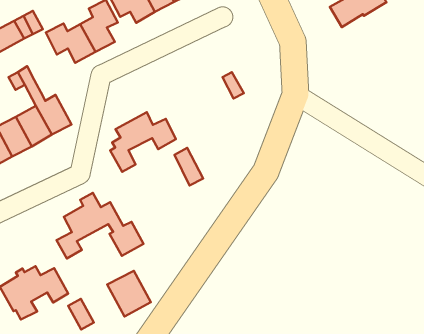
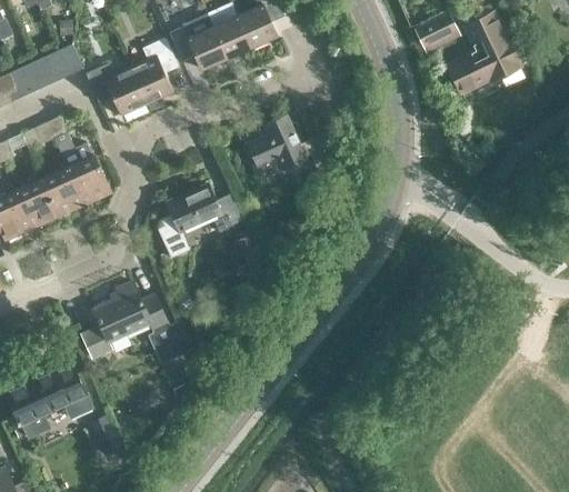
building: none -> [248,118,303,168]
building: [107,271,151,317] -> none

